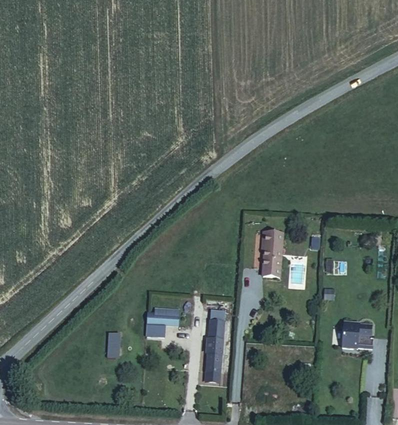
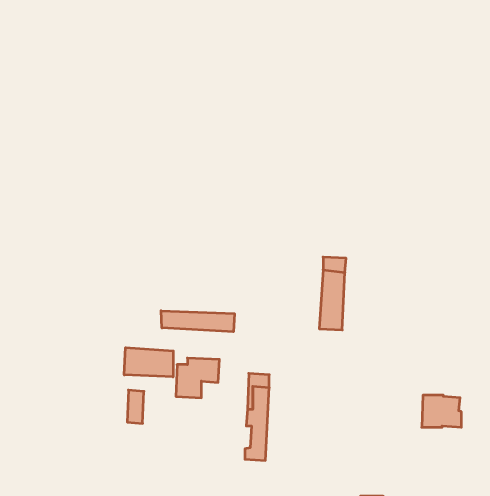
building: none -> [161,311,234,332]
building: none -> [124,348,173,377]

